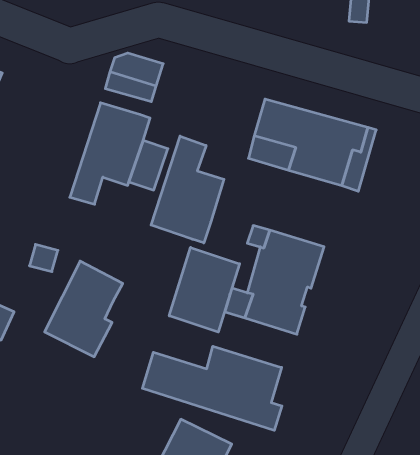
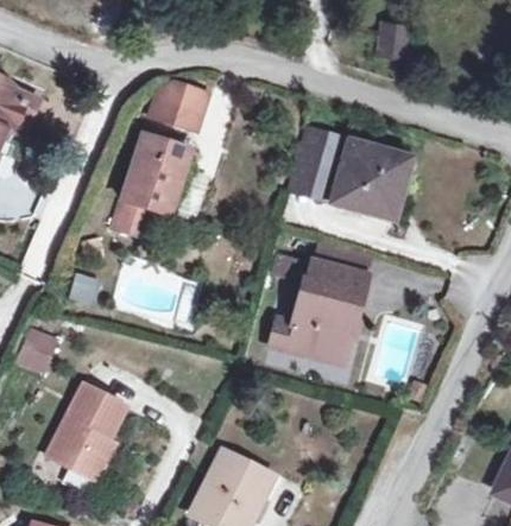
building: [151,136,224,243] -> none
building: [169,247,240,332] -> none
building: [45,261,123,357] -> [46,382,125,479]
building: [142,346,282,430] -> none

